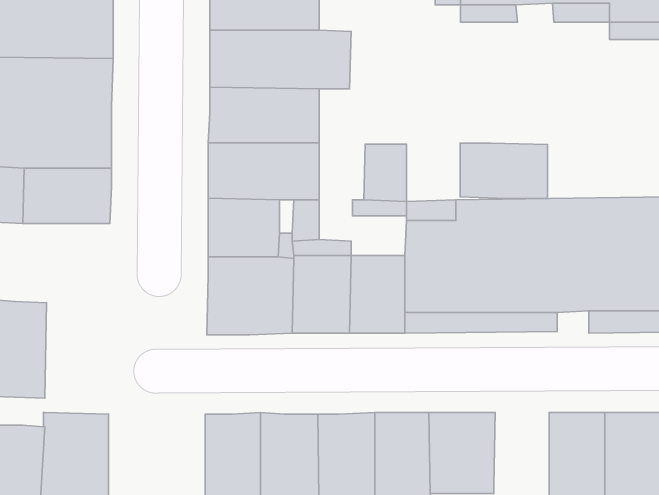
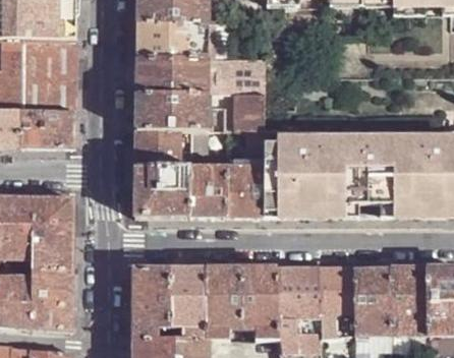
building: [460,143,547,199] -> [206,60,262,96]
building: none -> [30,197,71,268]
building: none -> [318,267,353,314]

